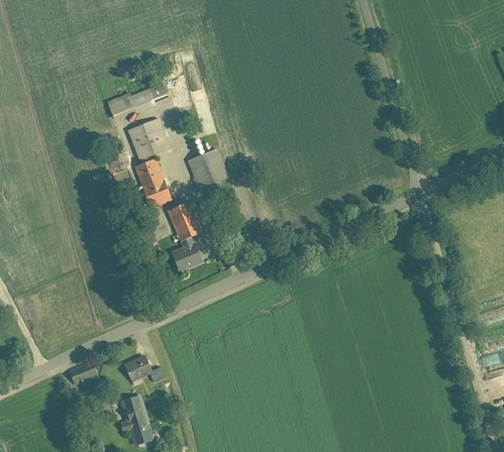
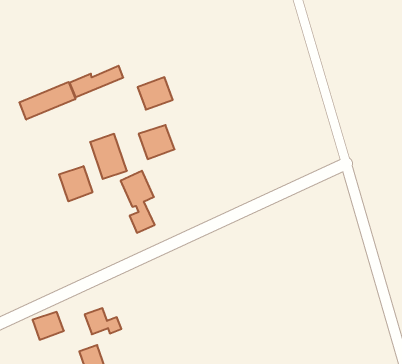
building: none -> [19,82,75,120]
building: [128,120,168,156] -> [138,77,173,110]
building: none -> [59,166,92,201]

